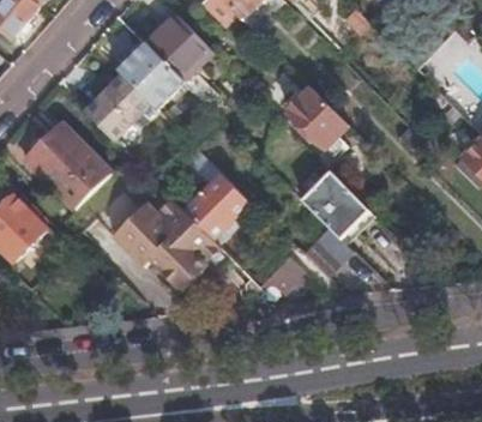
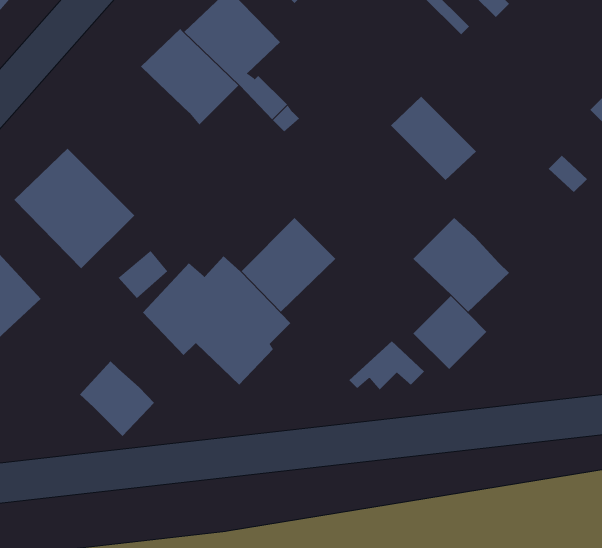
building: [85,76,147,138] -> none
building: none -> [79,360,155,437]

